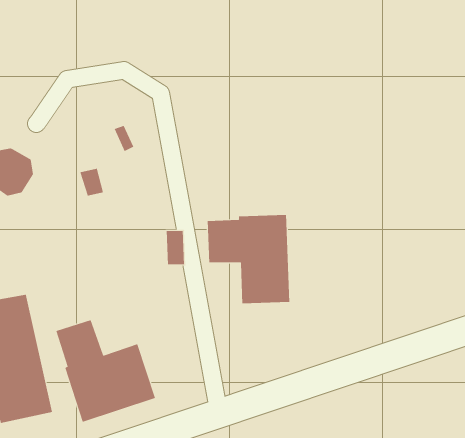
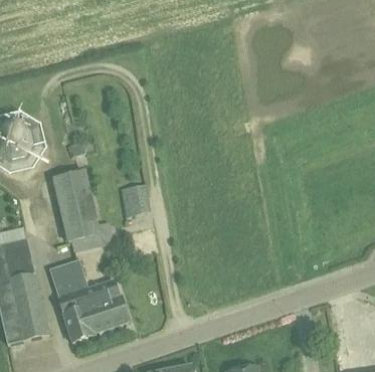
building: none -> [51,169,100,241]
building: [207,214,290,304] -> none

